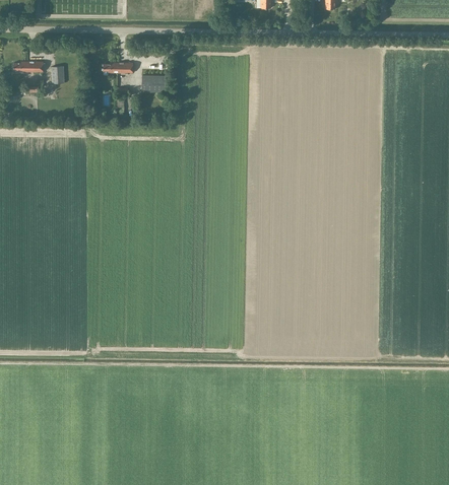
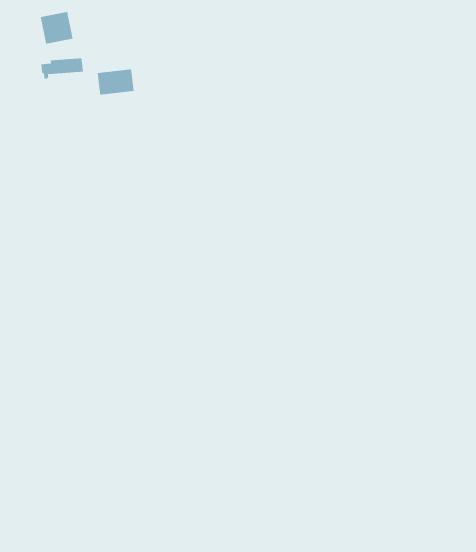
building: none -> [40,11,73,44]

